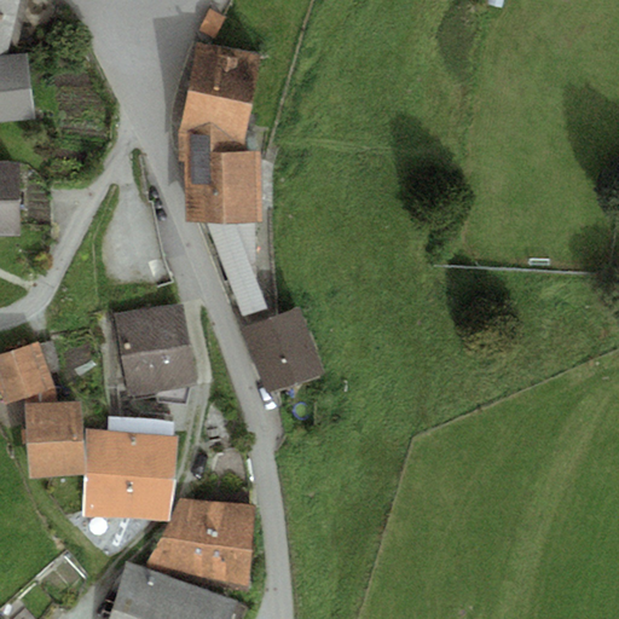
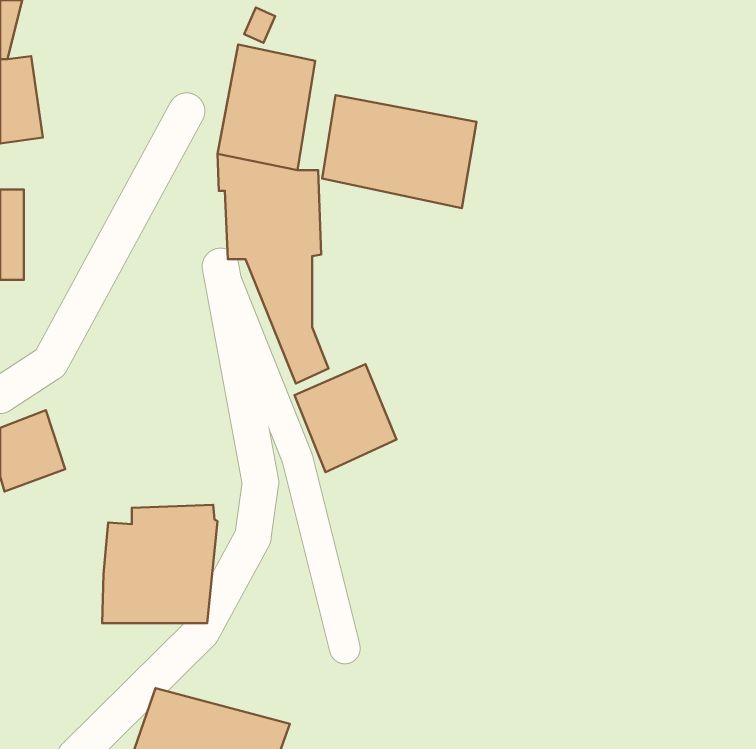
building: none -> [322,95,477,208]
building: [114,307,198,399] -> none
building: [24,399,85,478] -> none
building: [147,503,256,584] -> none

